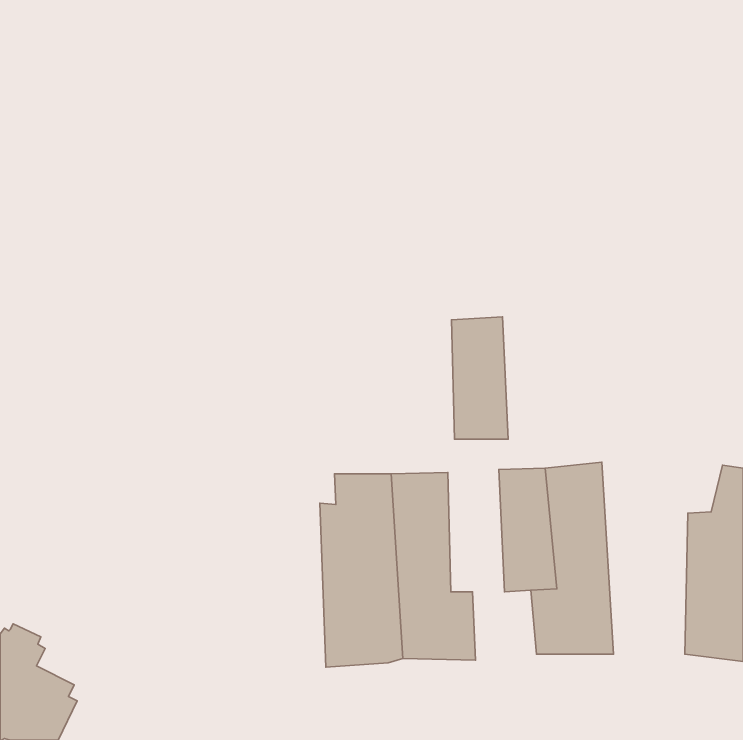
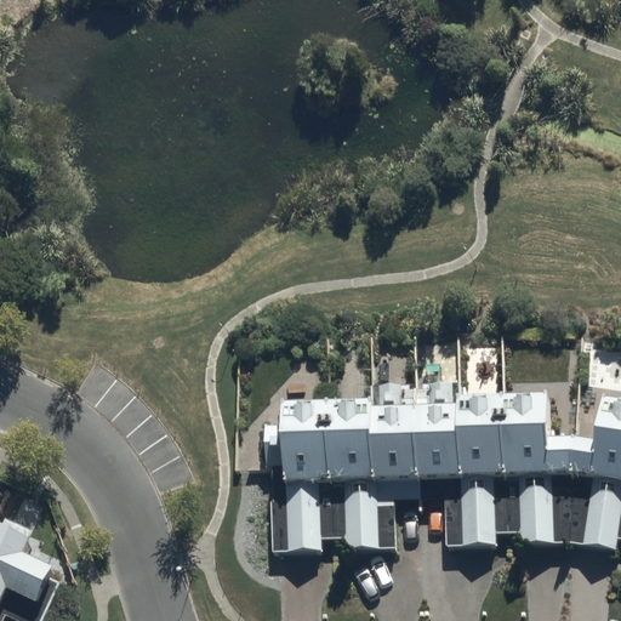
building: [452,317,508,439] -> [374,392,421,494]
building: none -> [502,386,574,546]

